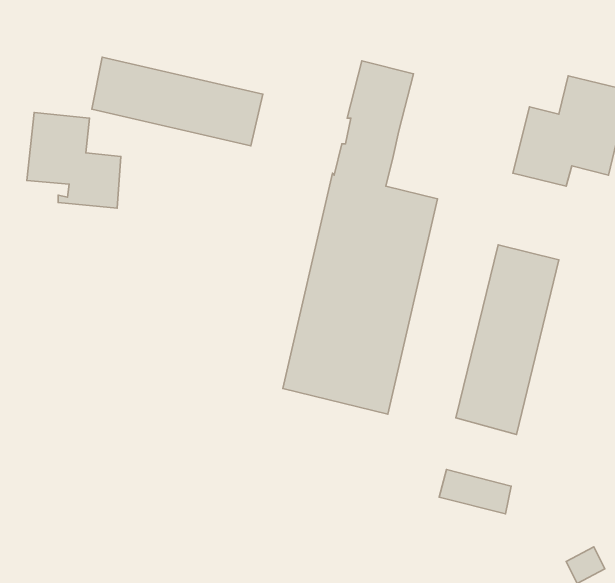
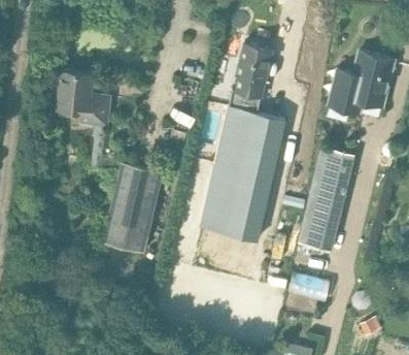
building: [92,57,263,146] -> none
building: none -> [102,162,164,252]

